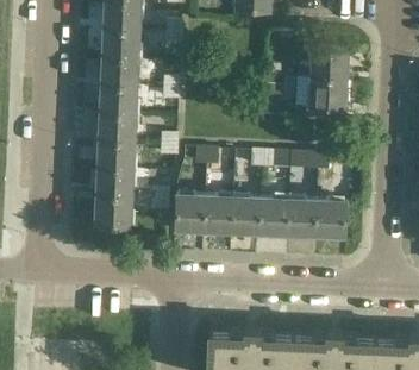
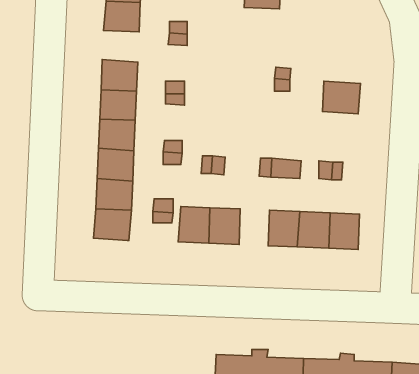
building: [104,32,138,62] -> none
building: [299,51,348,82] -> none
building: [232,200,261,234] -> none

